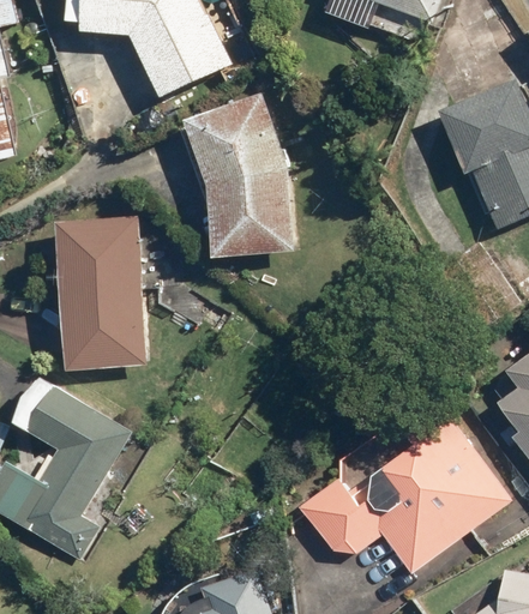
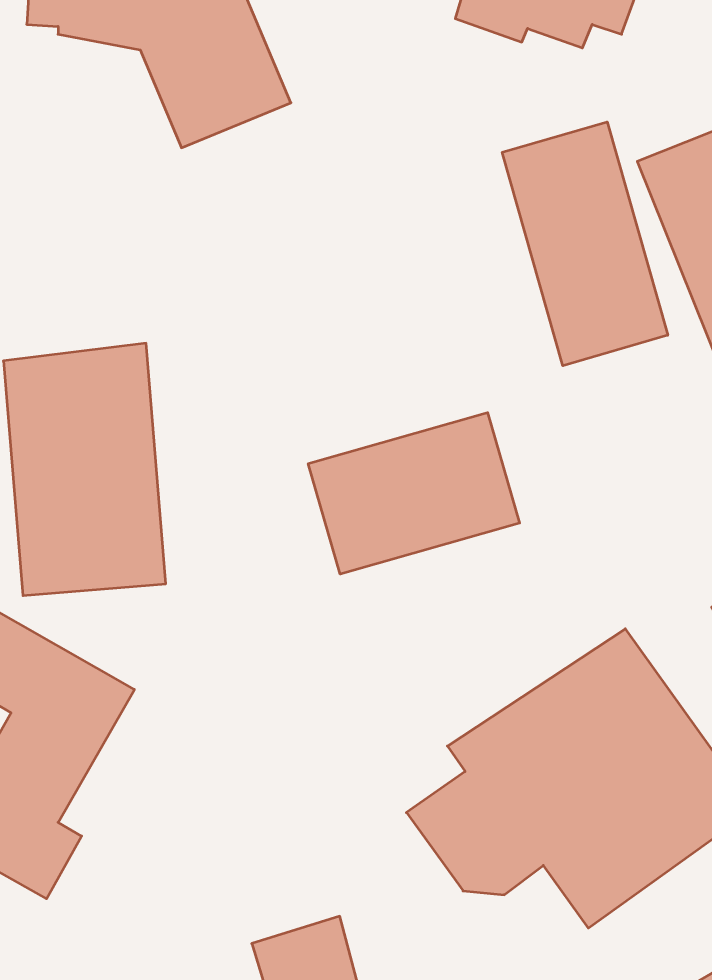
building: none -> [502,122,668,366]
building: [173,92,294,254] -> none
building: none -> [308,413,520,574]

